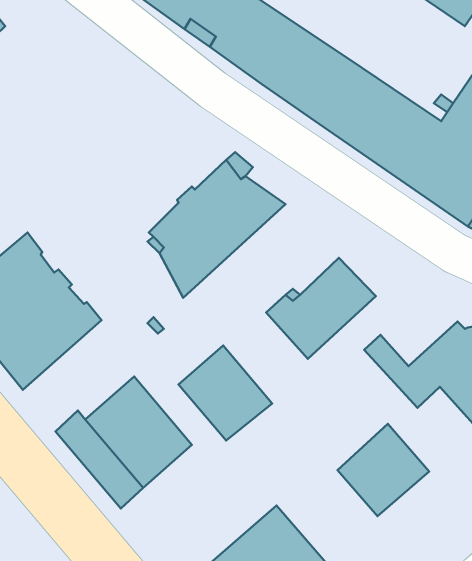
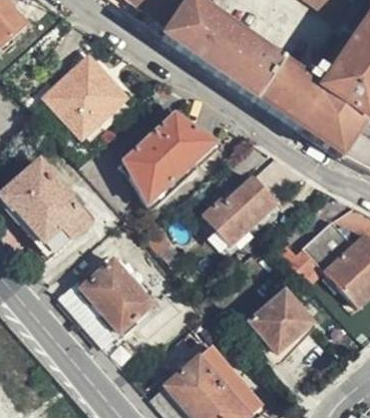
building: none -> [47,53,125,132]
building: [178,345,272,440] -> none

